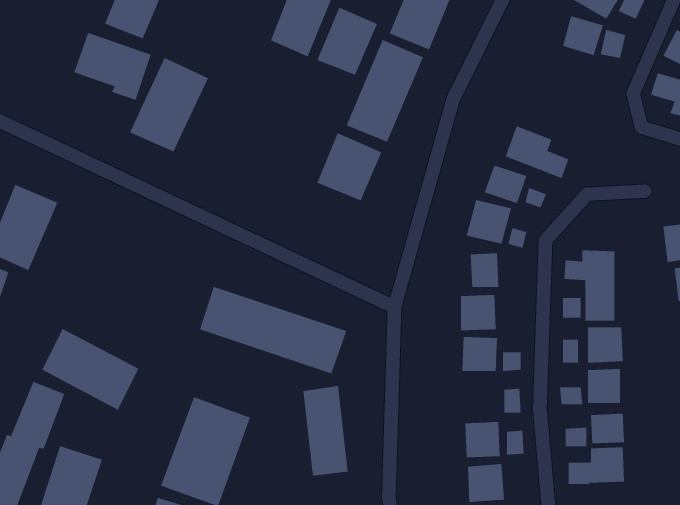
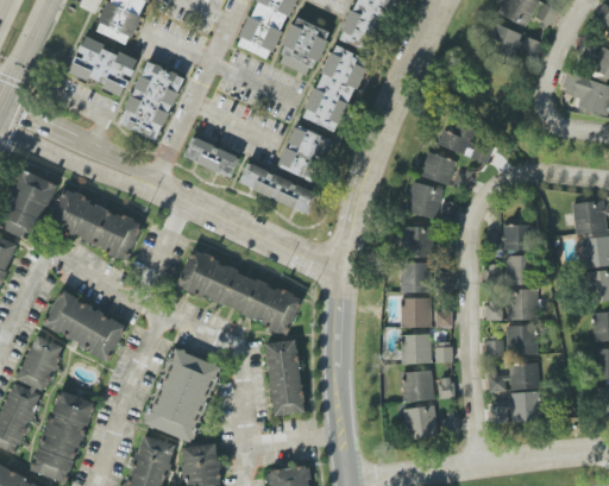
building: none -> [184,137,239,177]
building: none -> [239,164,318,210]
building: none -> [49,189,143,259]
building: none -> [402,334,432,364]

